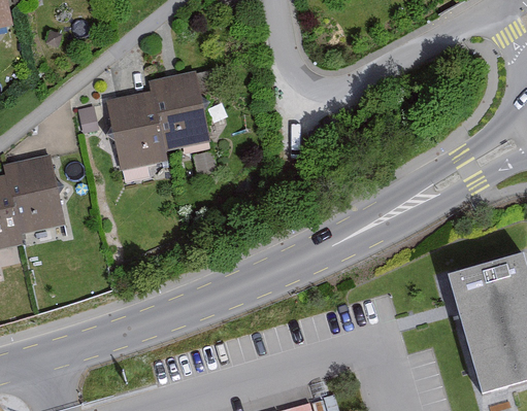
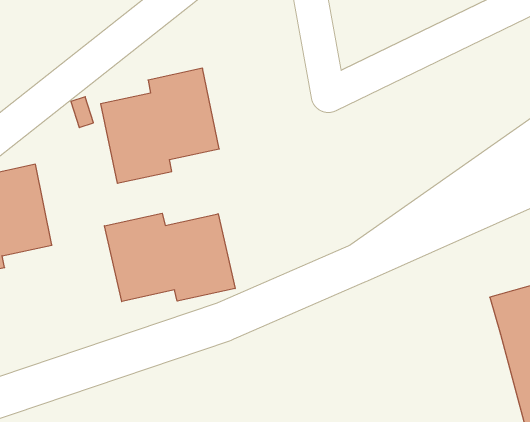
building: none -> [104,213,235,302]

